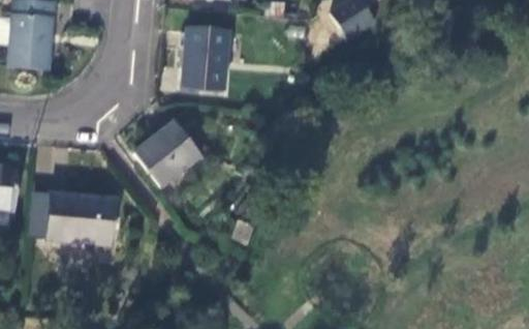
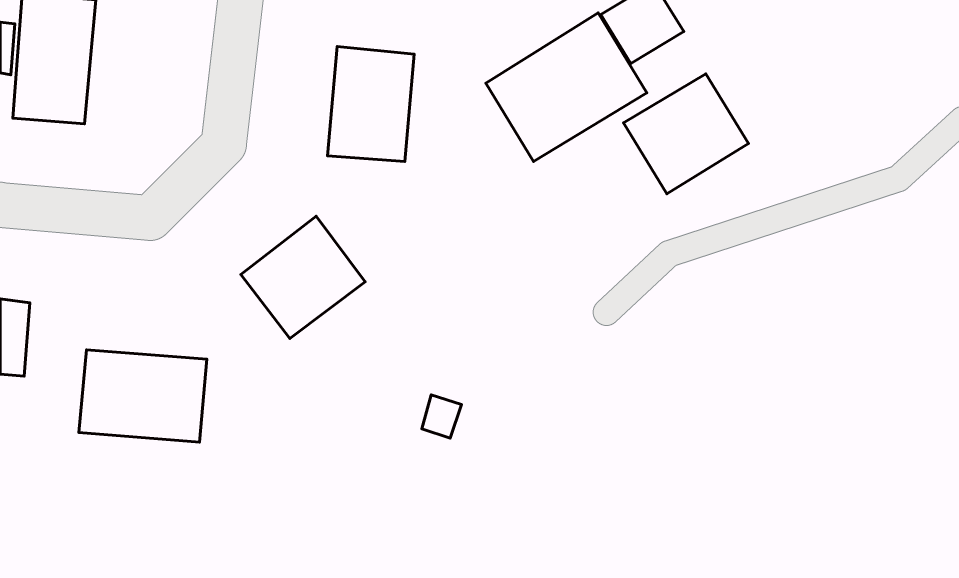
building: none -> [486,13,647,161]
building: none -> [624,74,748,194]

